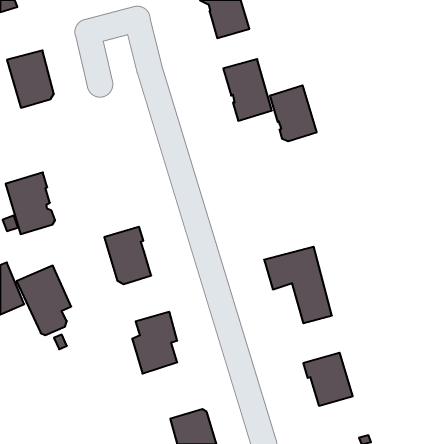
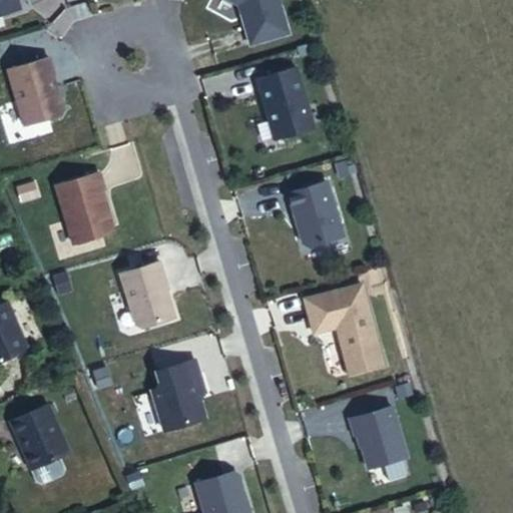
building: [270,85,317,141] -> [289,181,343,245]
building: [6,172,55,234] -> [56,172,113,243]
building: [16,266,71,335] -> [5,405,68,485]

